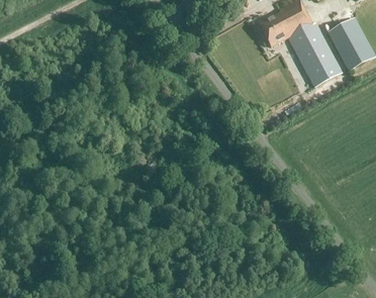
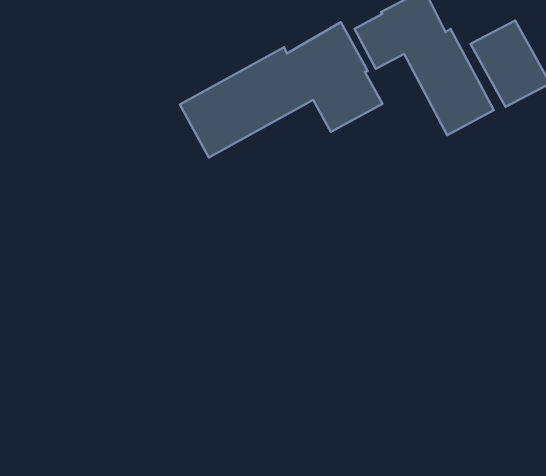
building: none -> [180,22,382,157]

